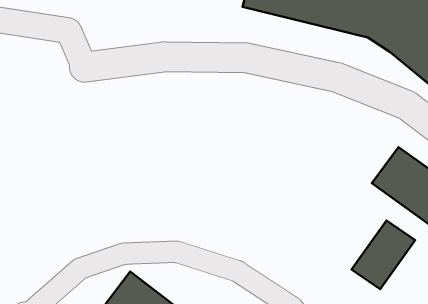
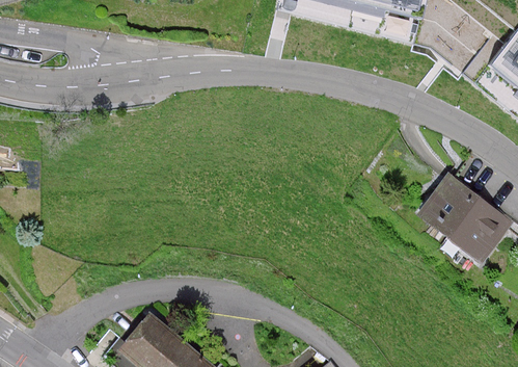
building: [351,220,415,289] -> none

